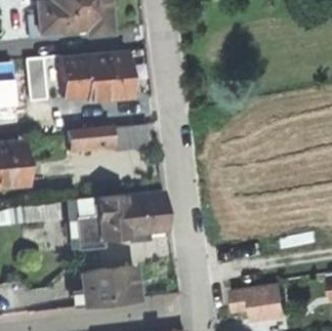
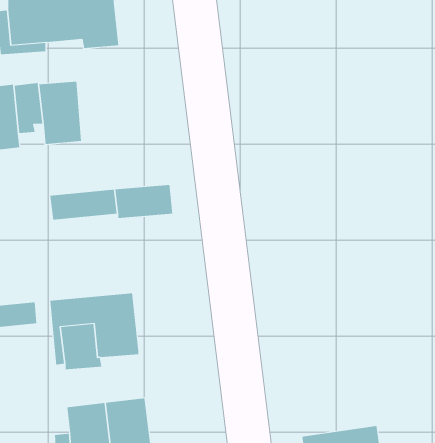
building: [86,52,132,100] -> none
building: [123,193,166,236] -> none

